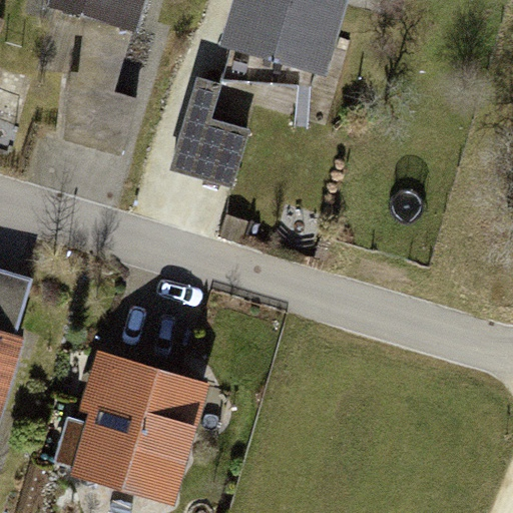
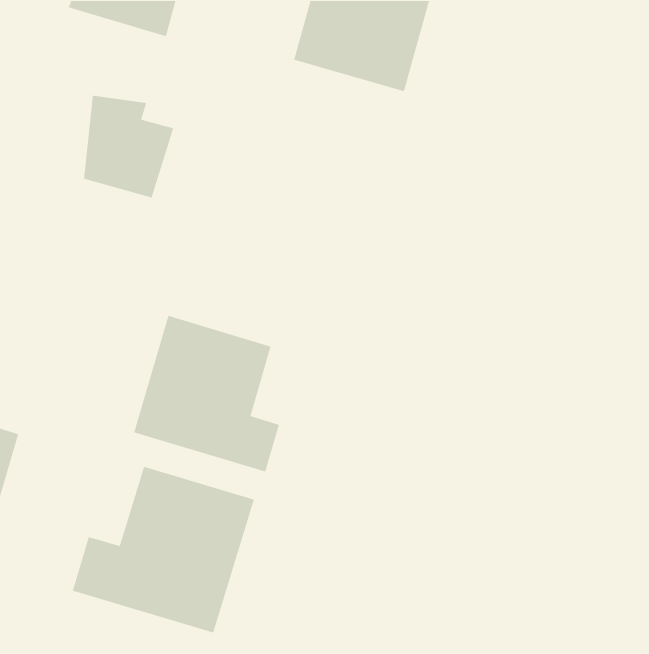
building: [181,114,252,180] -> none
building: none -> [133,315,280,472]

